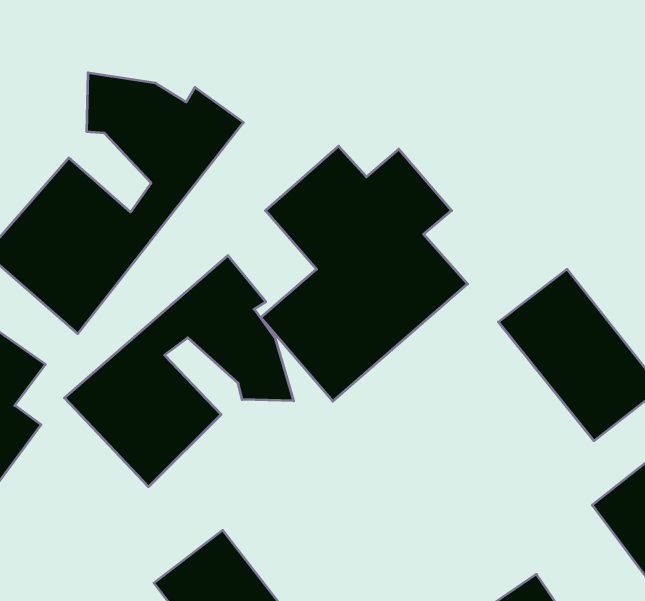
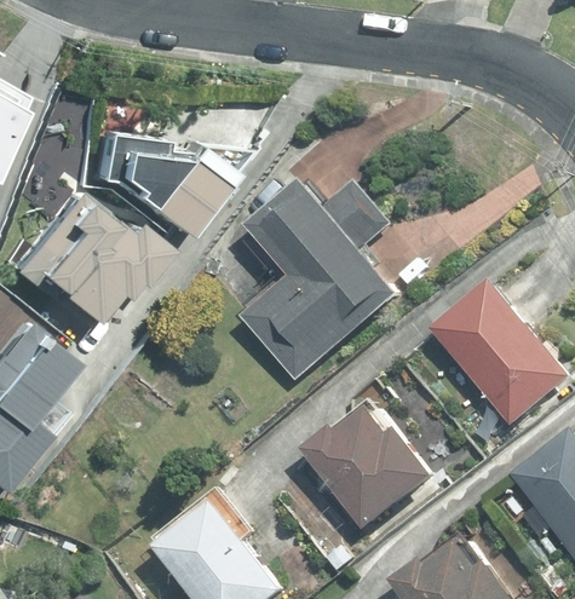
building: [64,256,294,487] -> none
building: none -> [301,392,441,531]

